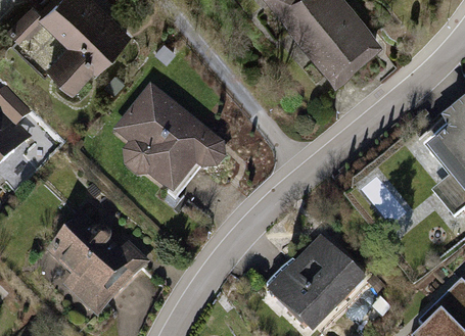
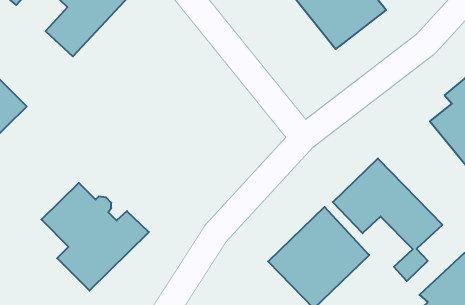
building: [113,82,226,194] -> none
building: none -> [333,158,442,281]

